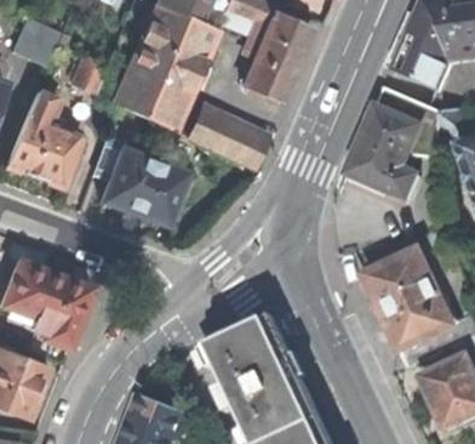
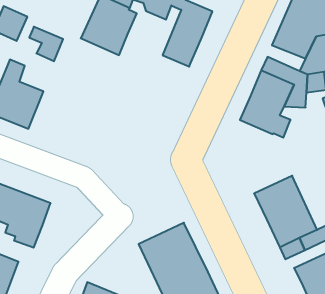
building: [113,63,183,129] -> none
building: [189,108,265,166] -> none
building: [91,135,184,220] -> none

